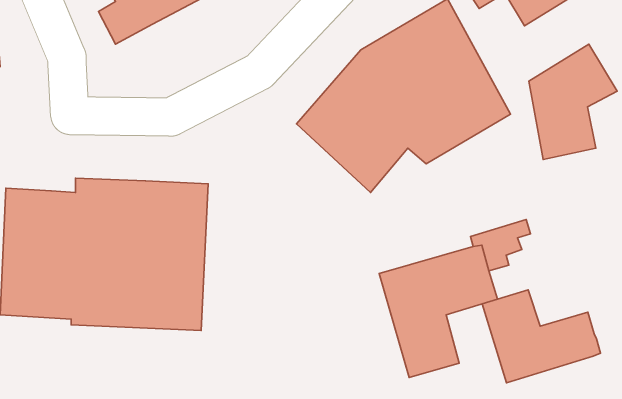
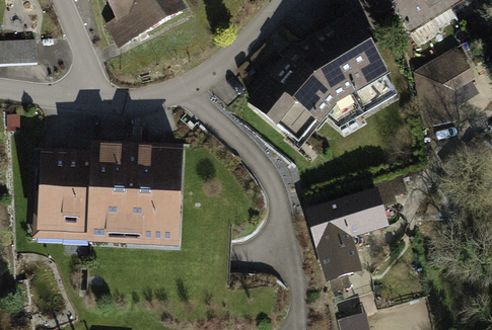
building: [482,290,600,383] -> none

